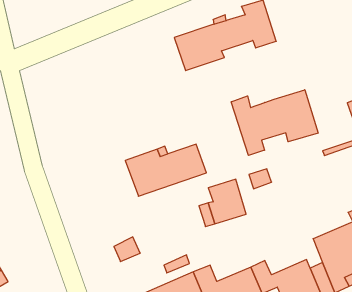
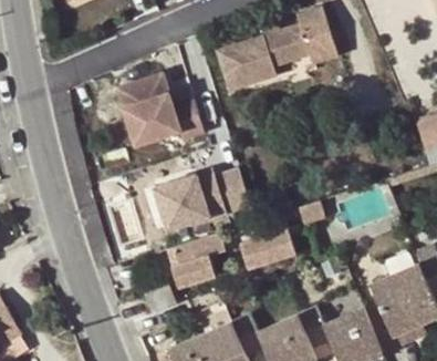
building: none -> [116,74,200,143]
building: [231,90,318,155] -> none
building: none -> [168,236,227,289]

